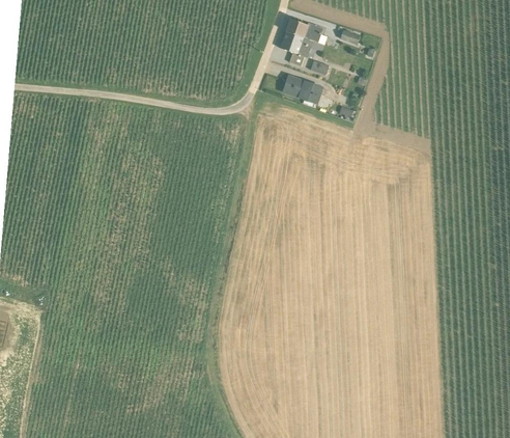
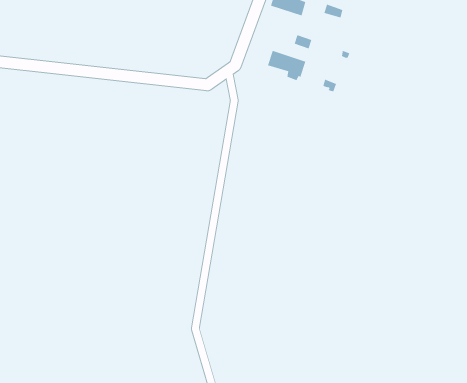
building: [281,31,314,65] -> none

